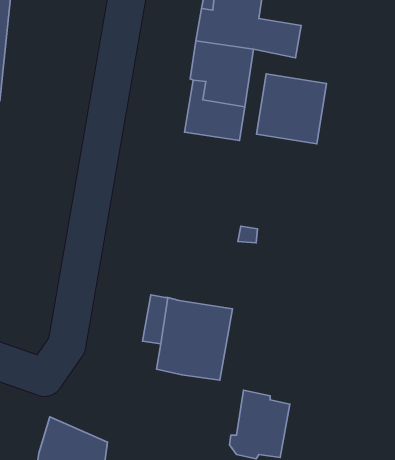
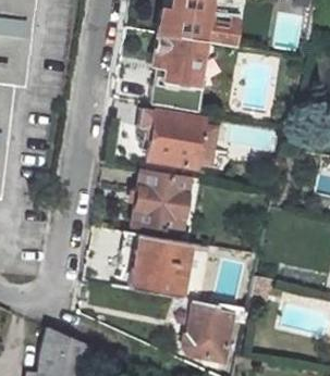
building: [256,74,327,144] -> [151,112,206,166]
building: none -> [135,170,192,230]

